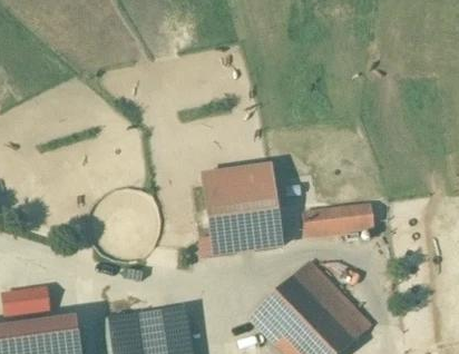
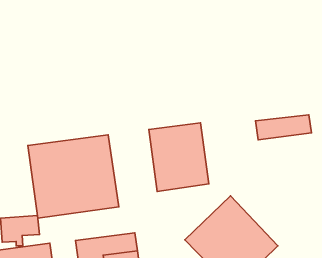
building: none -> [28,135,119,218]
building: [302,201,374,234] -> [256,115,311,140]

